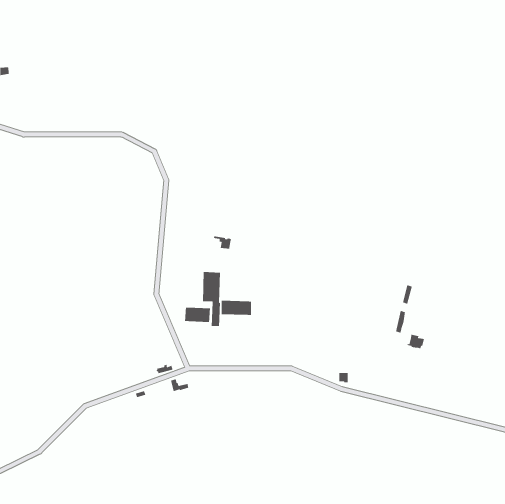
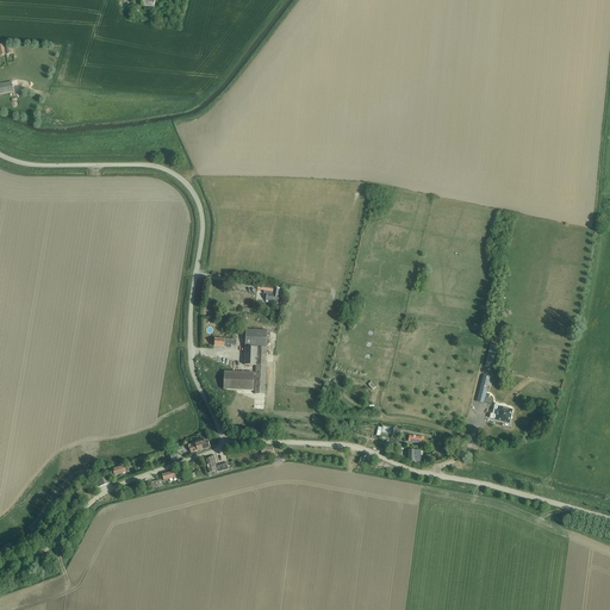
building: [221,300,252,316] -> none

